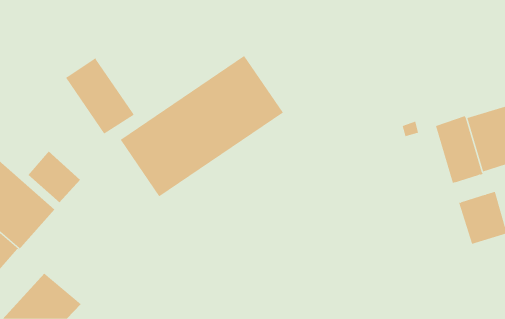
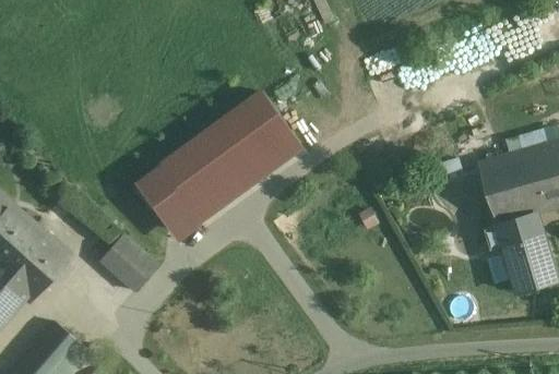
building: [66,57,134,134] -> none
building: [27,151,81,203] -> [96,233,154,290]
building: none -> [497,216,531,245]

